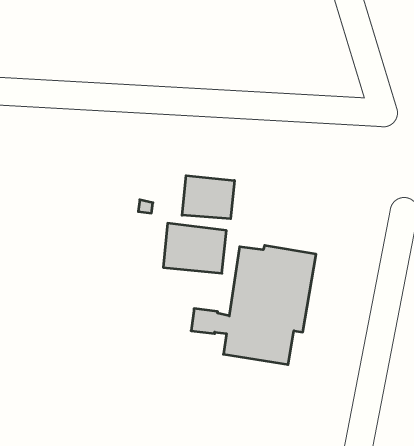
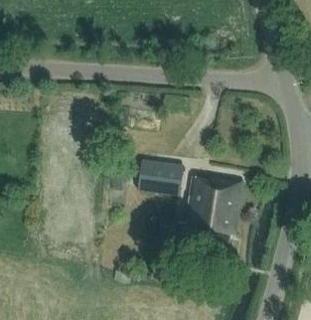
building: [182,176,234,219] -> none

